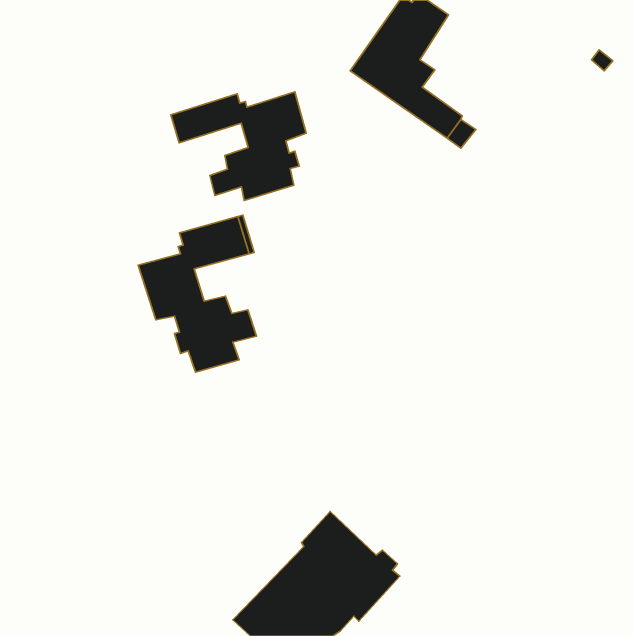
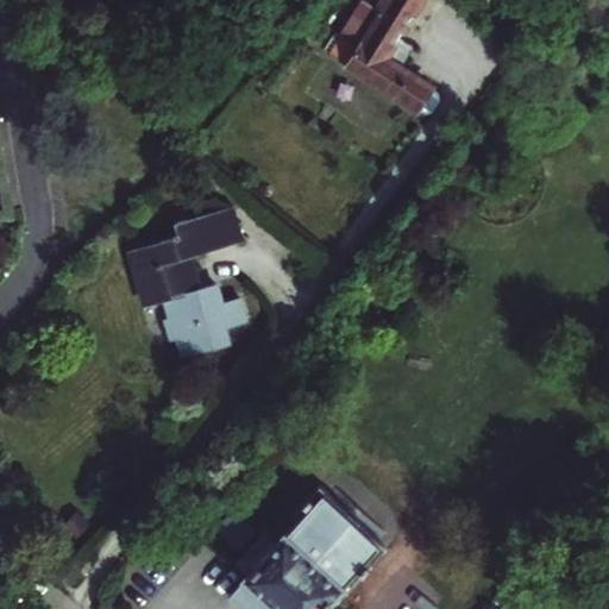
building: [171,92,306,200] -> none

